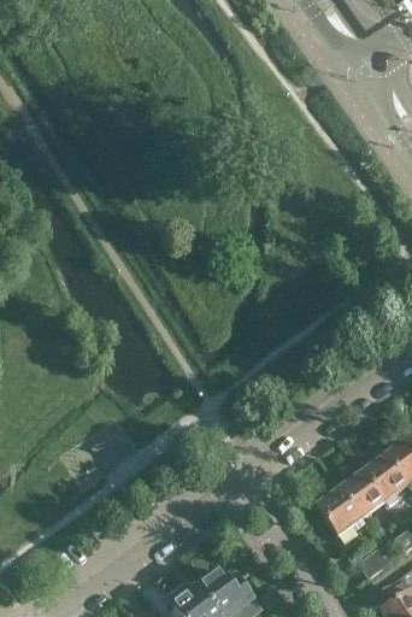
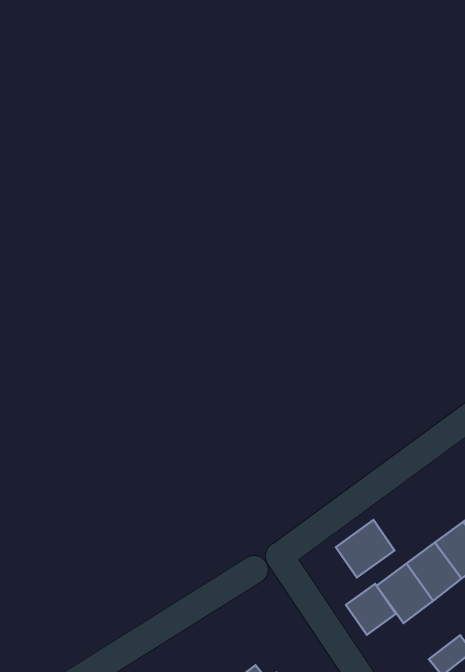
building: none -> [336,520,395,578]
building: none -> [346,584,396,635]

